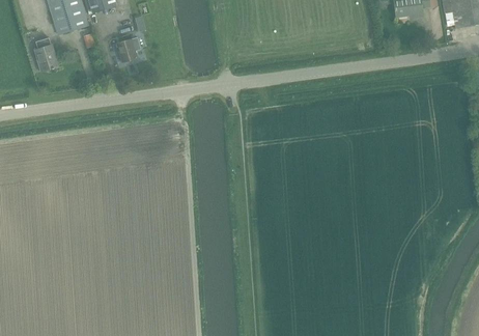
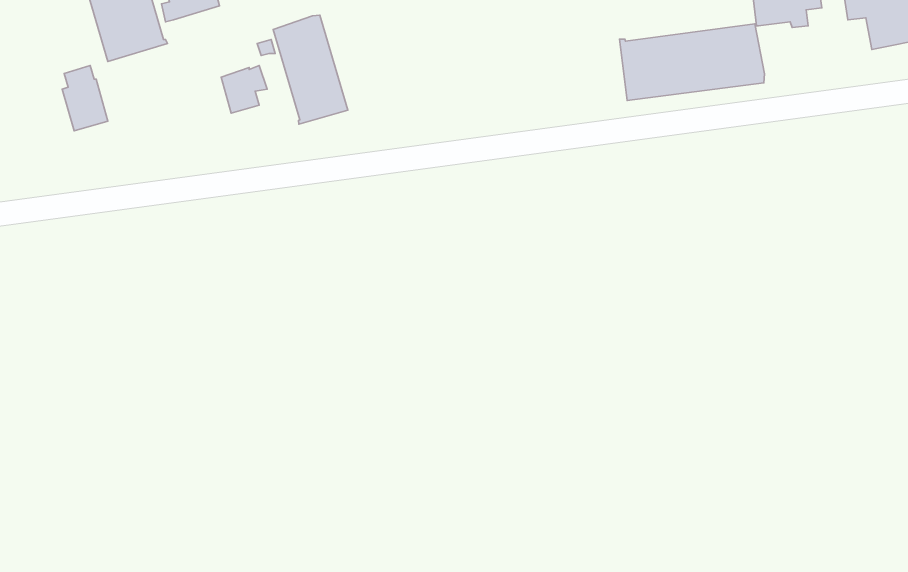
building: none -> [273,15,348,124]
building: none -> [620,24,764,101]

